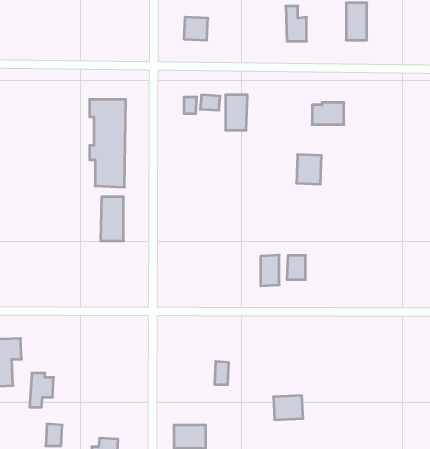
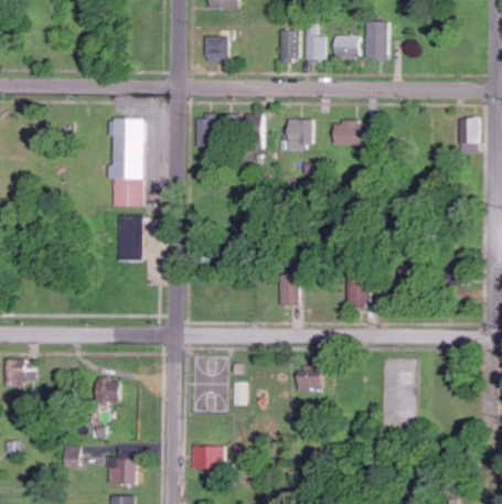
building: none -> [279,29,298,61]
building: none -> [332,35,361,57]
building: [296,155,322,184] -> [286,118,311,148]
building: [287,255,306,280] -> [345,281,364,305]
building: [30,373,54,407] -> [94,377,118,411]
building: [273,396,303,420] -> [296,366,325,390]

